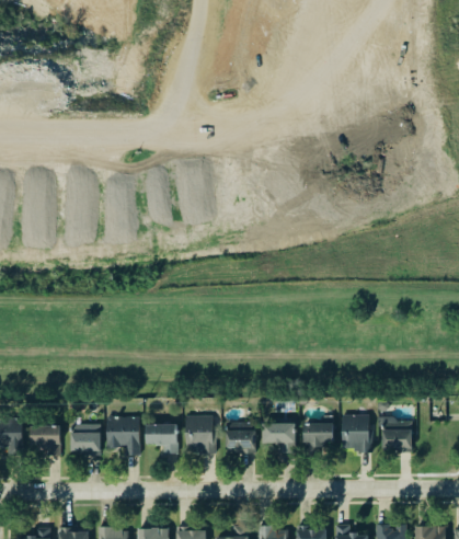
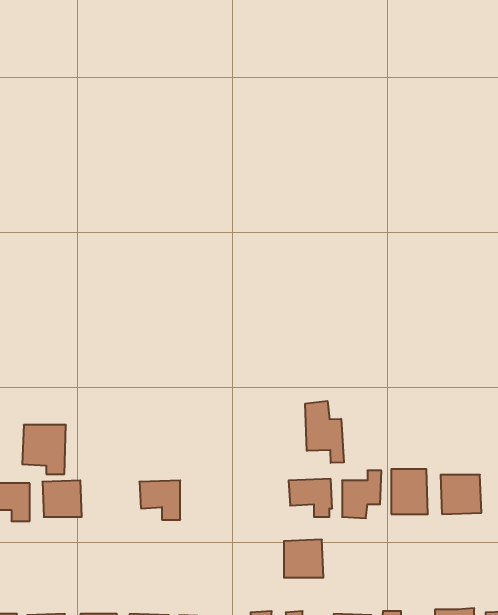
building: none -> [305,401,344,463]
building: [185,415,216,452] -> none
building: [106,416,140,455] -> [22,425,66,474]
building: [226,421,256,450] -> [284,540,323,578]

